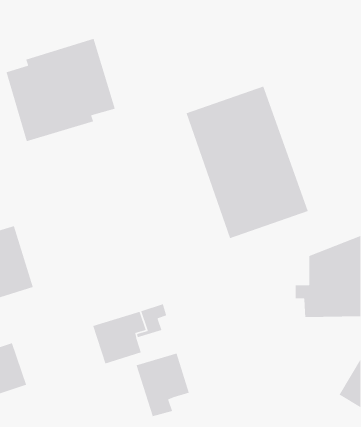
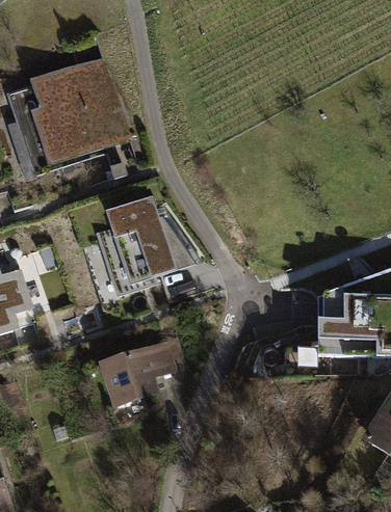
building: [186,86,309,239] -> none
building: none -> [100,195,179,293]
building: [135,352,190,417] -> none

